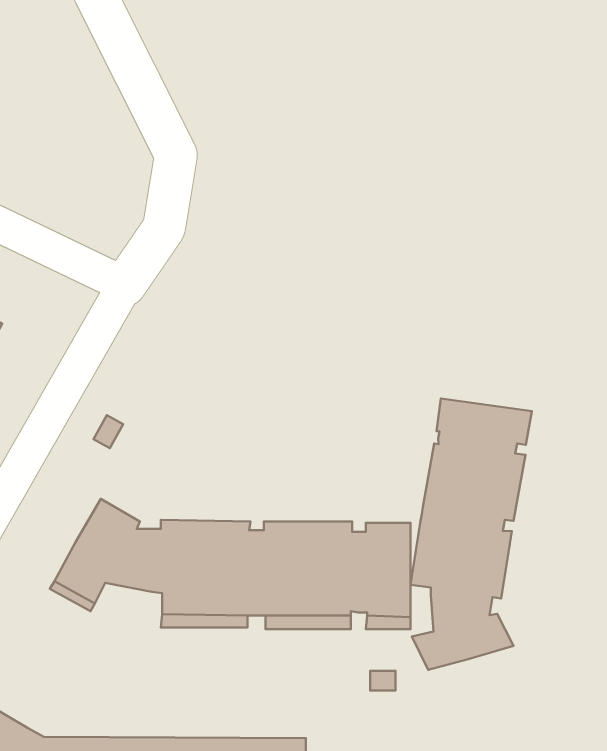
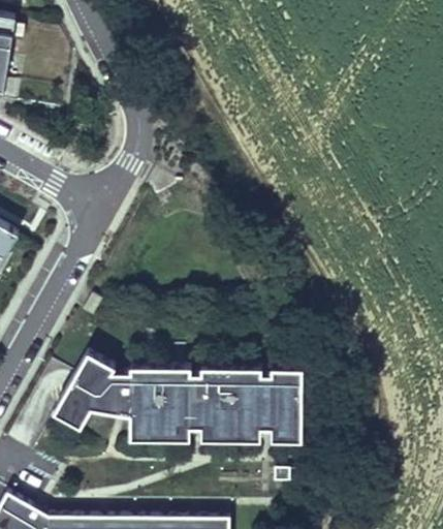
building: [411,399,532,670] -> none

